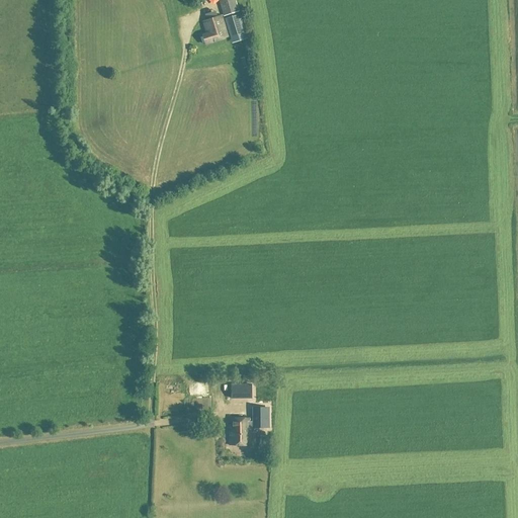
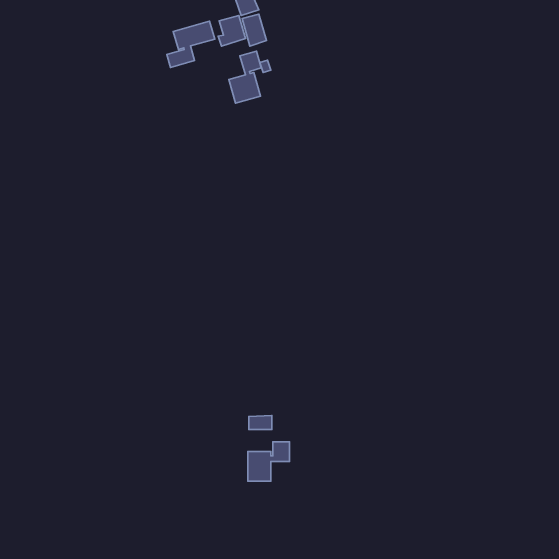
building: none -> [167,21,215,67]
building: none -> [229,51,261,103]

